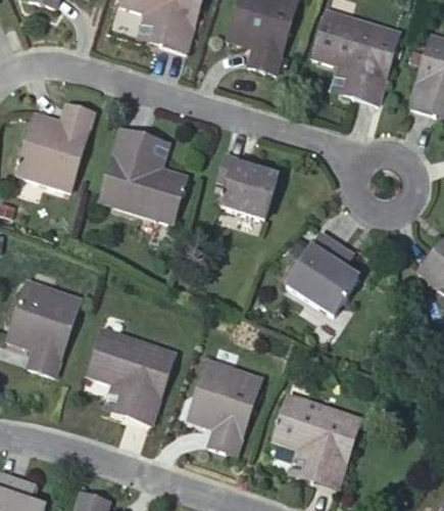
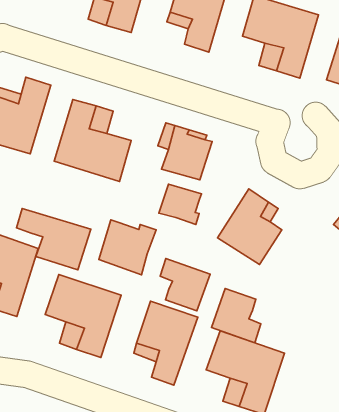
building: none -> [159,184,201,224]
building: none -> [16,208,91,270]
building: none -> [99,220,156,275]
building: none -> [160,258,210,311]
building: none -> [212,289,261,343]

